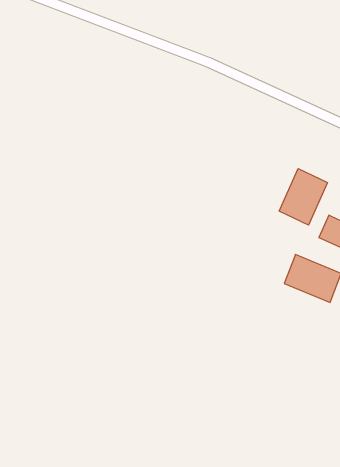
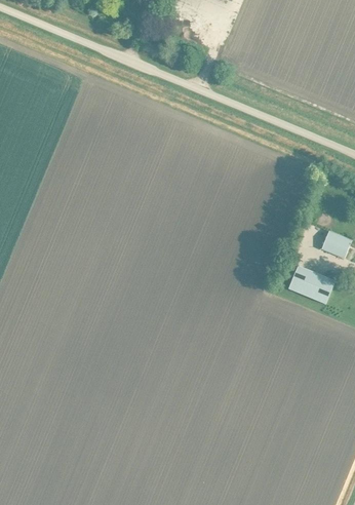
building: [279,169,328,225] -> none

